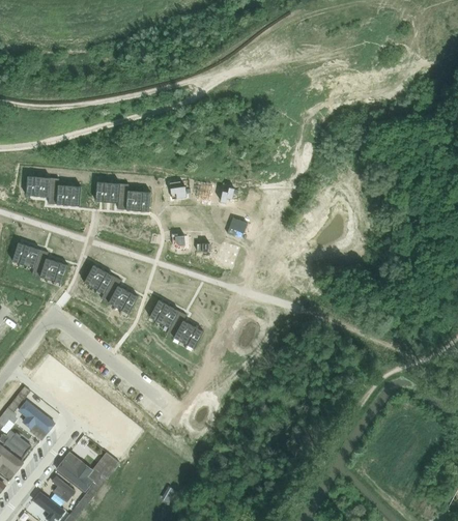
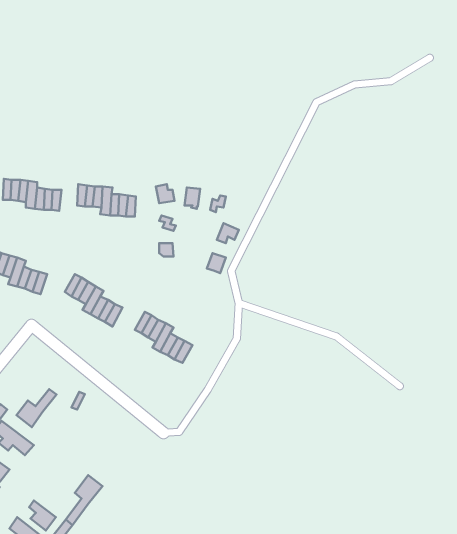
building: none -> [16,389,57,427]
building: [55,458,92,492] -> none

